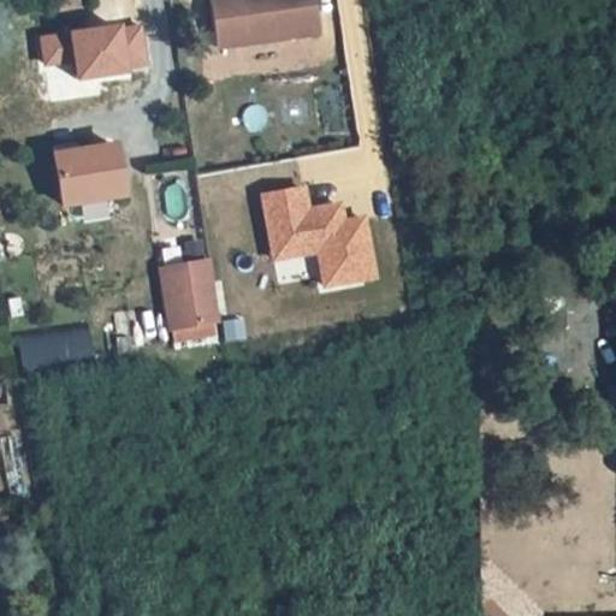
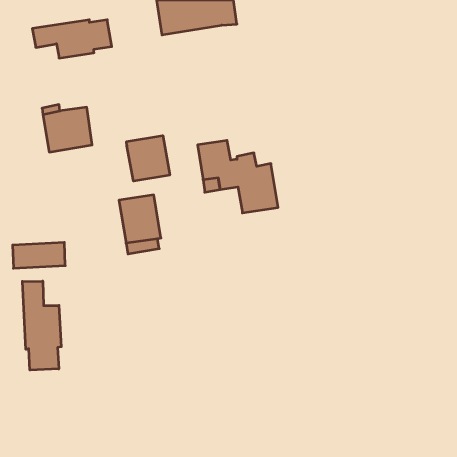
building: none -> [127,136,170,181]
building: none -> [22,281,61,370]

